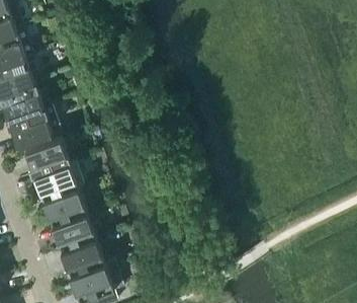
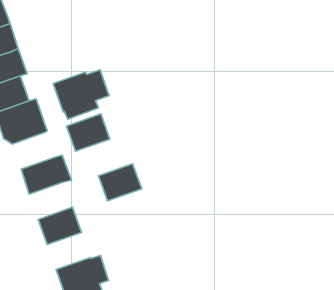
building: none -> [53,70,109,119]
building: [23,136,67,173] -> [67,114,110,151]
building: [40,186,84,224] -> [98,164,142,201]
building: [59,237,102,275] -> none

